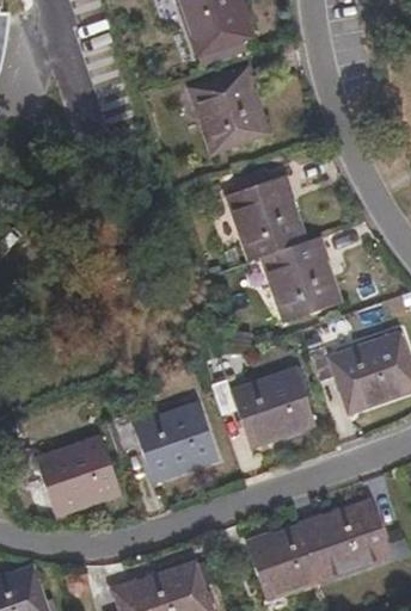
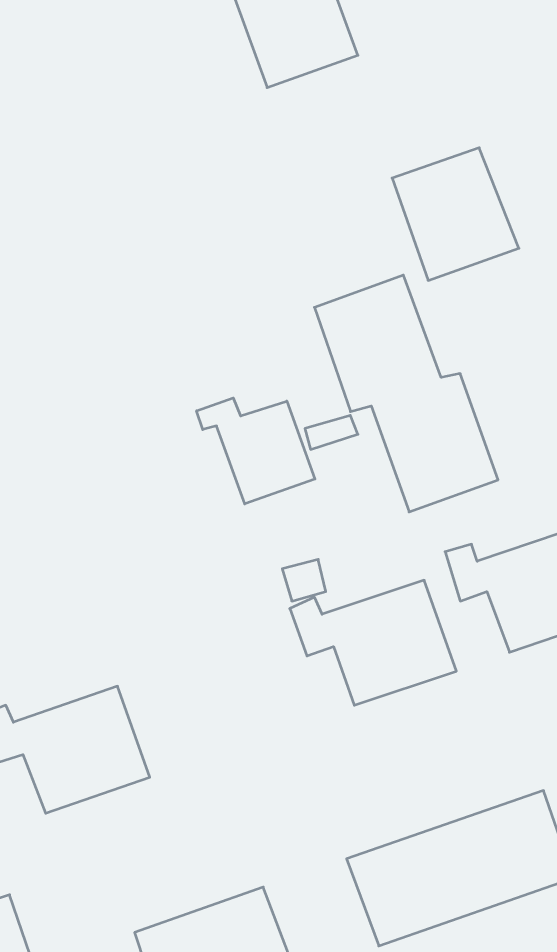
building: [190,67,270,150] -> [392,148,519,280]
building: none -> [197,398,315,504]
building: [115,400,221,480] -> none

